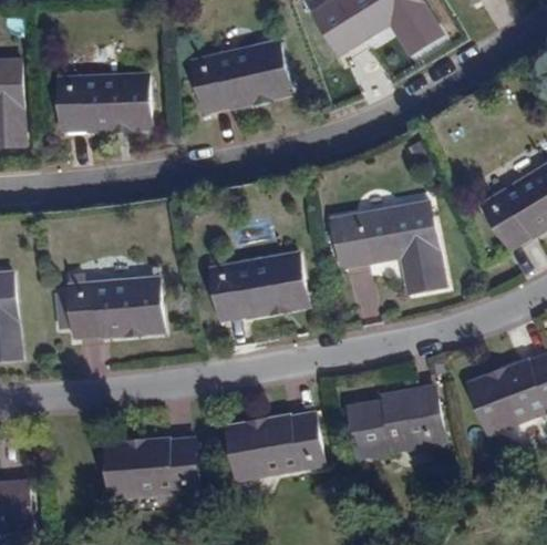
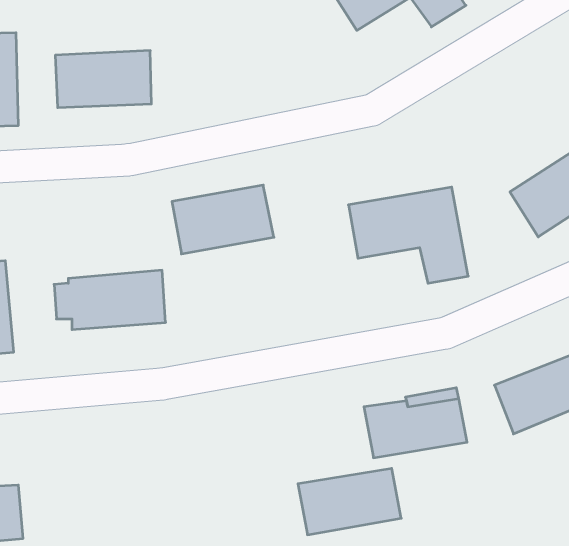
building: [192,42,290,112] -> none
building: [211,254,307,318] -> [172,185,274,254]
building: [225,417,321,479] -> [298,468,401,535]
building: [104,441,196,496] -> none

